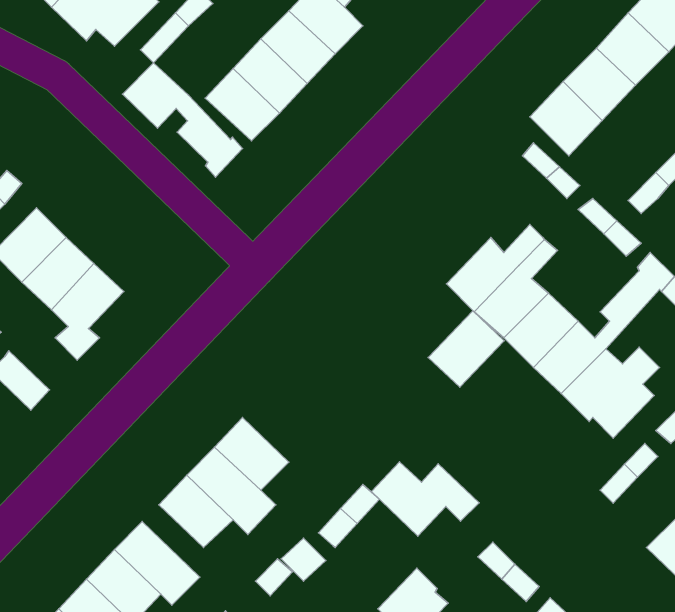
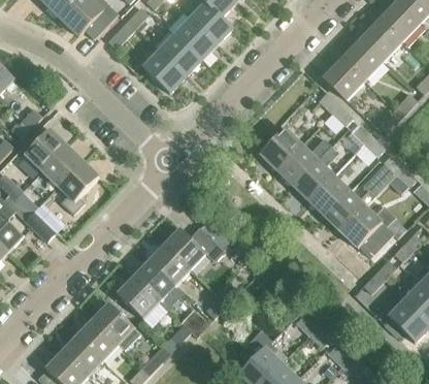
building: [123,63,242,177] -> none
building: [428,311,504,387] -> [260,128,302,170]
building: [372,462,479,536] -> [164,228,224,269]

